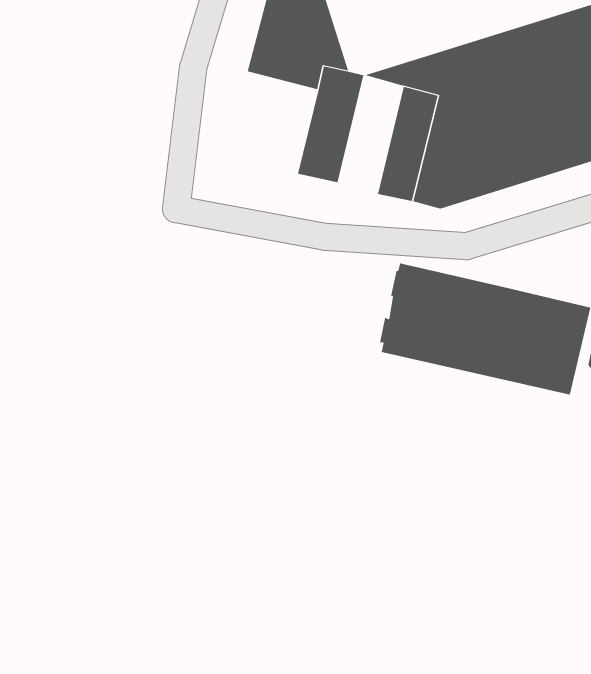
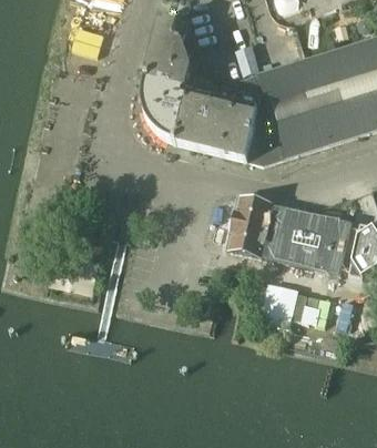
building: none -> [146,82,192,143]
building: none -> [204,84,243,155]

